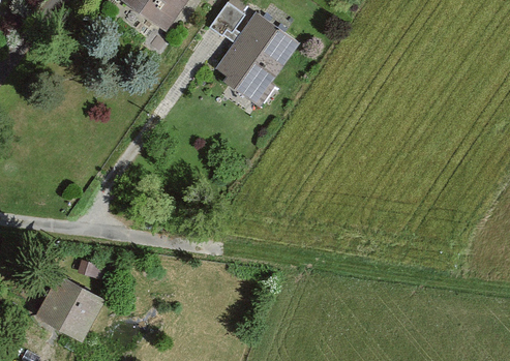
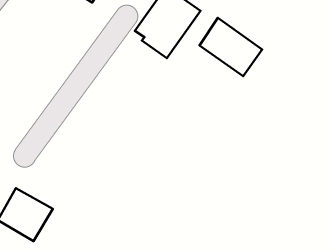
building: none -> [200,18,262,76]

